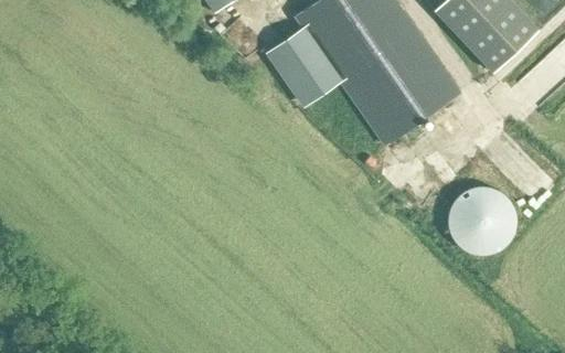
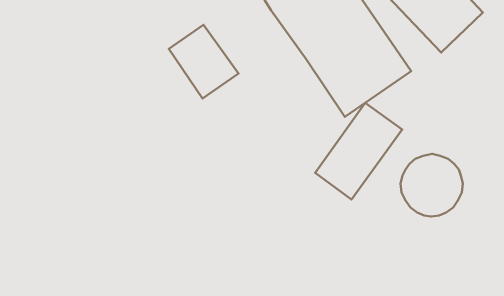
building: [265,28,342,109] -> [169,25,238,98]
building: none -> [315,103,402,200]

